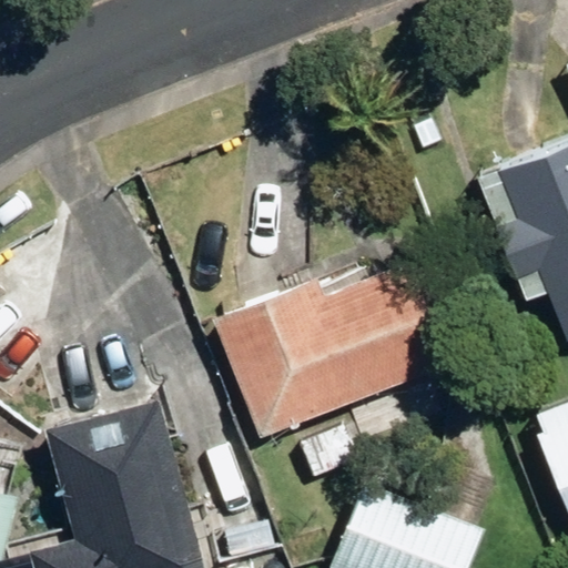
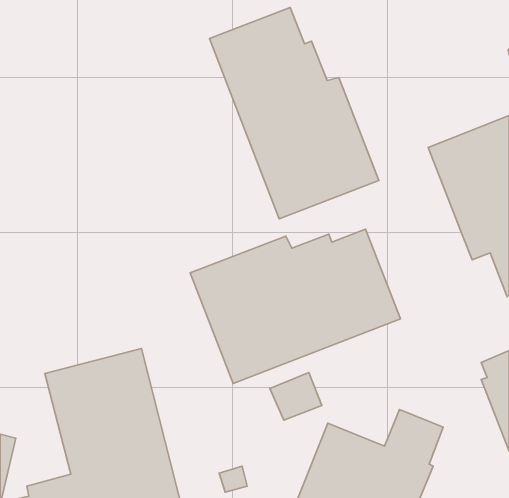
building: none -> [209,8,379,219]

